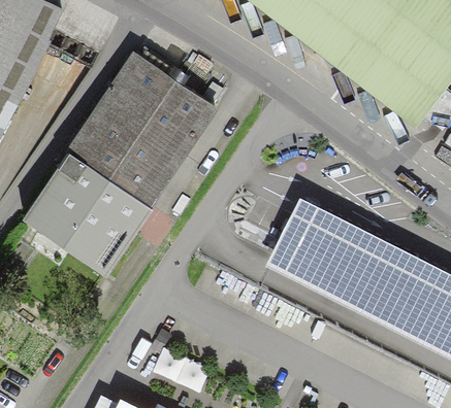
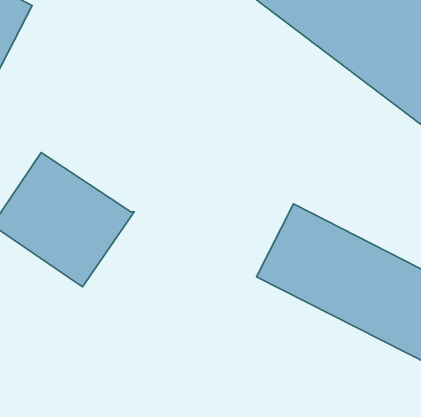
building: [67,50,216,204] -> none

